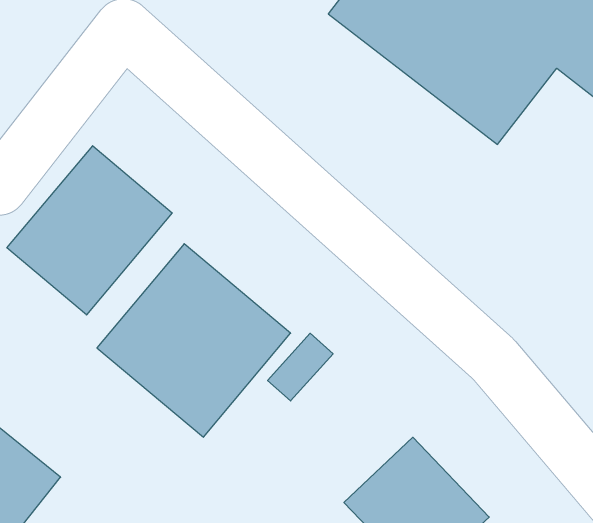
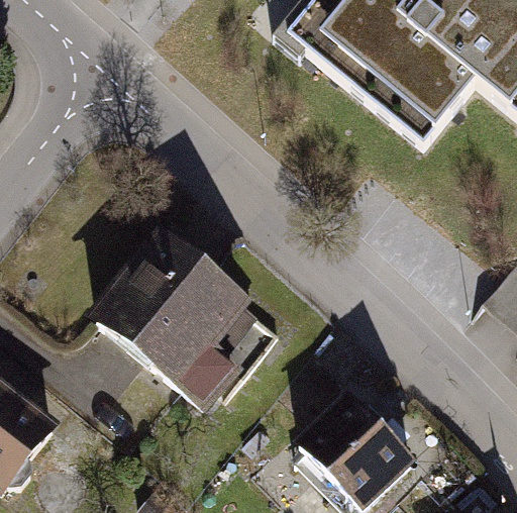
building: [7,146,172,315] -> none

